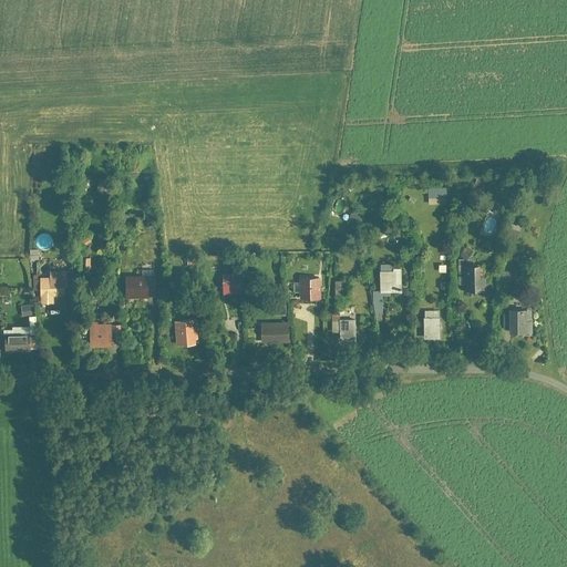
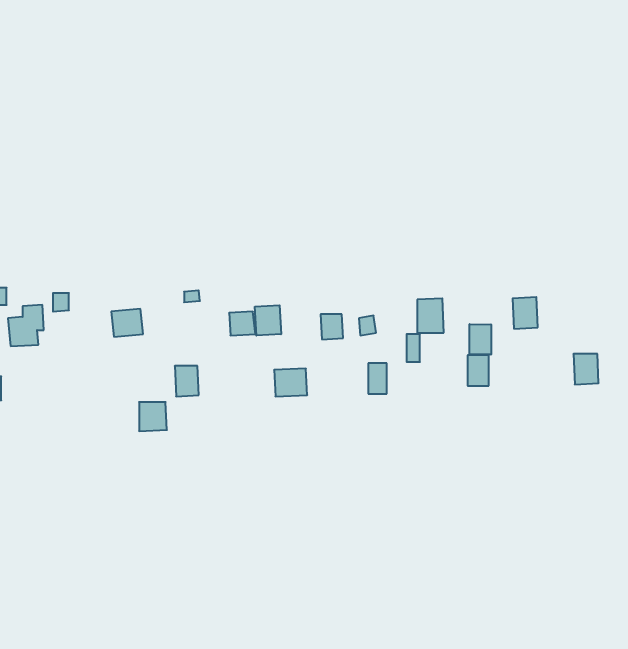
building: none -> [255,305,281,336]
building: none -> [470,324,491,355]
building: [89,321,112,346] -> [139,402,167,431]

